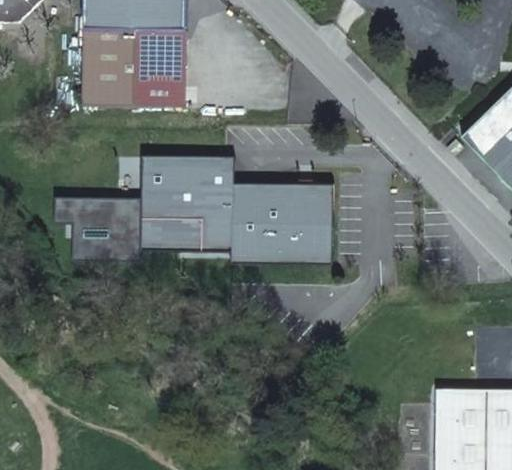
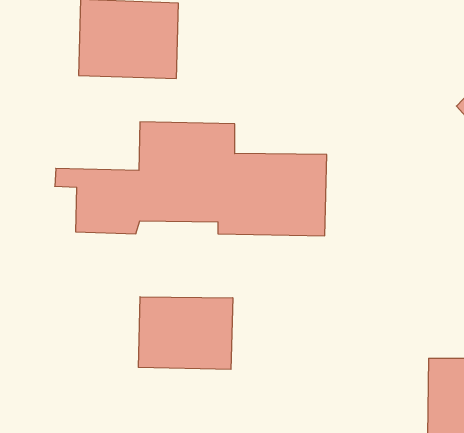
building: none -> [138,297,233,369]

